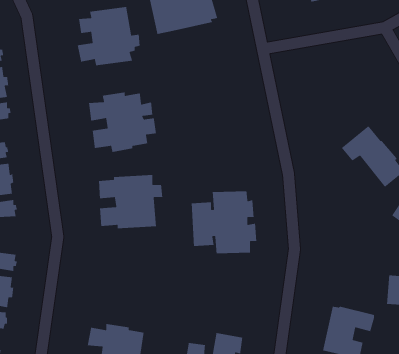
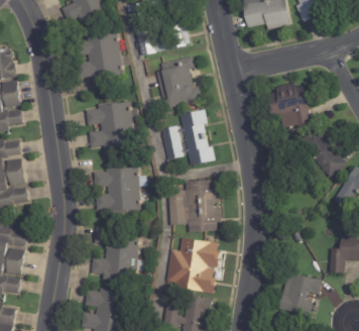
building: none -> [157,56,203,109]
building: none -> [265,84,309,128]
building: none -> [162,110,216,165]
building: none -> [93,228,140,282]
building: none -> [167,237,219,294]

